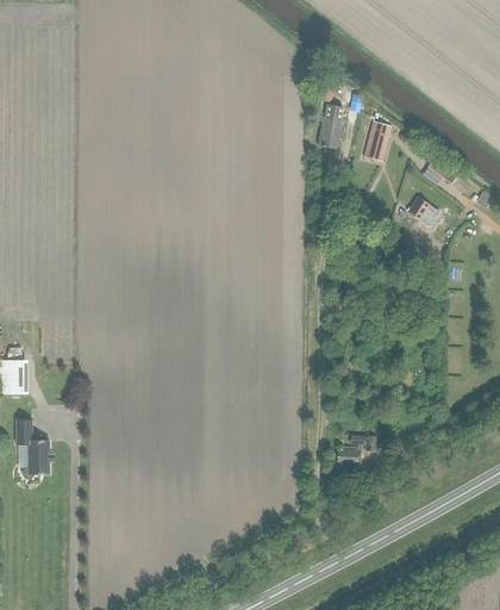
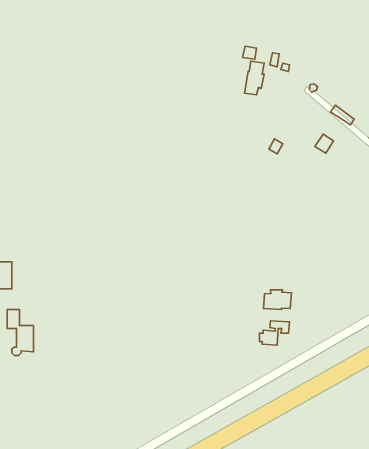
building: [364,122,390,160] -> none
building: none -> [263,290,291,309]

